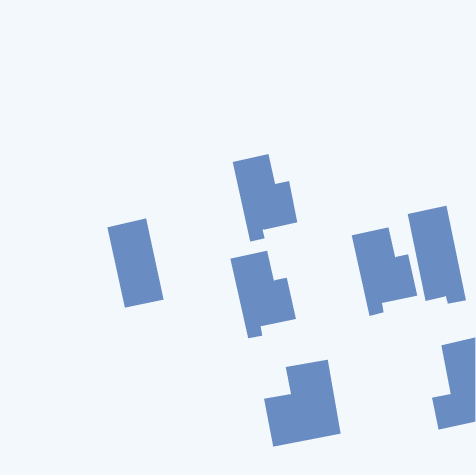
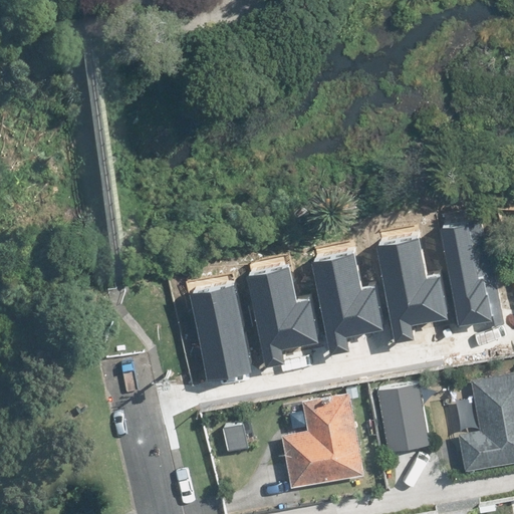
building: [232,154,298,242] -> [312,257,383,352]
building: [107,218,164,308] -> [188,286,250,383]
building: none -> [377,377,433,448]

